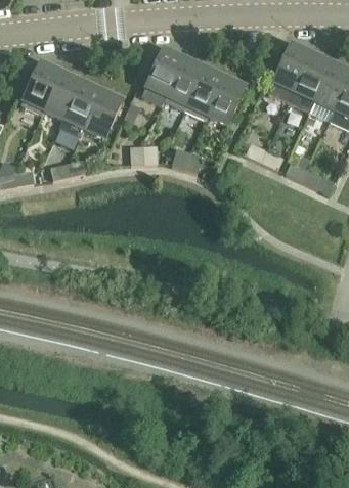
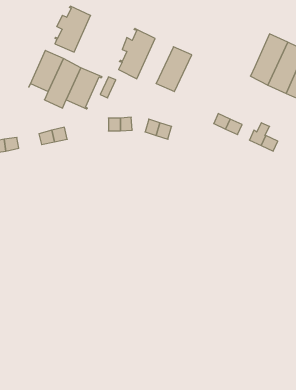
building: [268,43,311,100] -> none
building: [165,58,204,108] -> none
building: [20,61,60,113] -> [55,6,91,52]
building: [205,77,247,124] -> none

